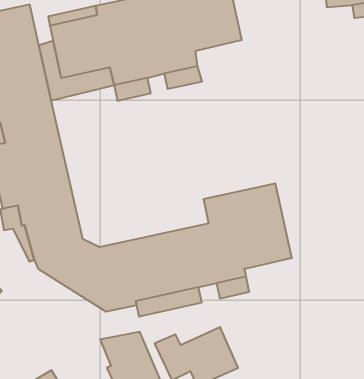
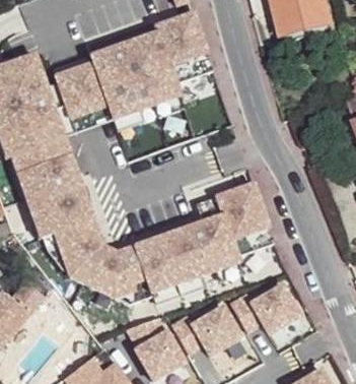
building: none -> [229,284,299,333]

